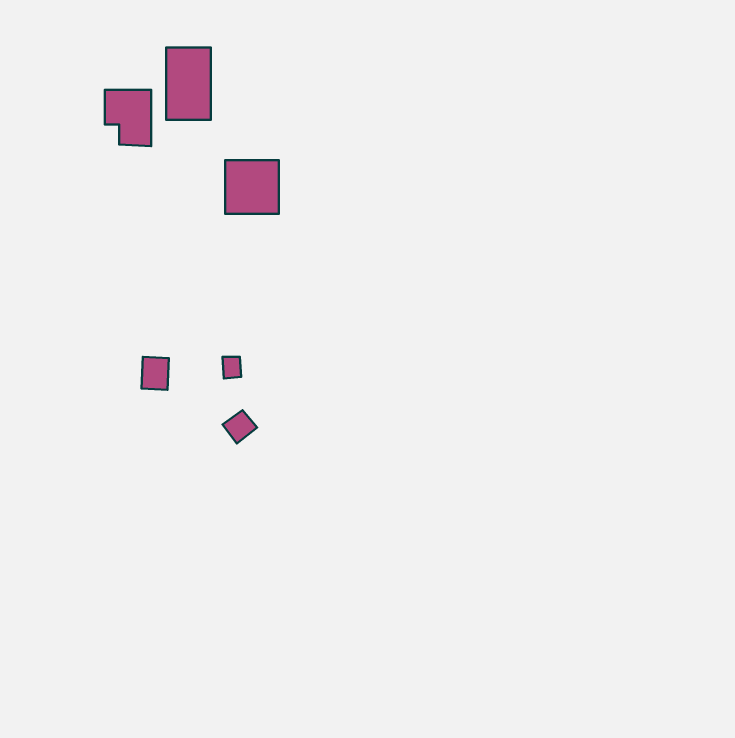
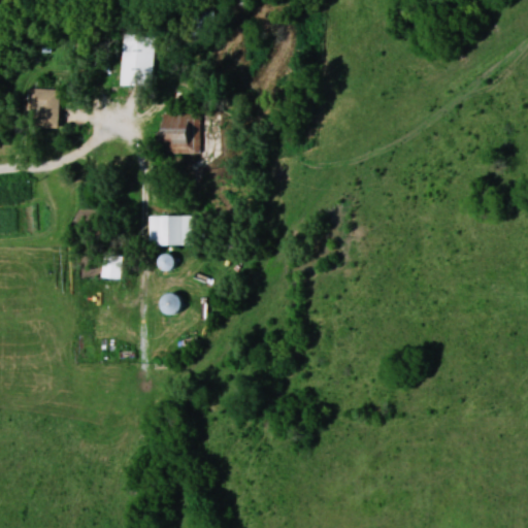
building: [105,90,151,146] -> [26,89,59,129]
building: none -> [146,216,192,244]

